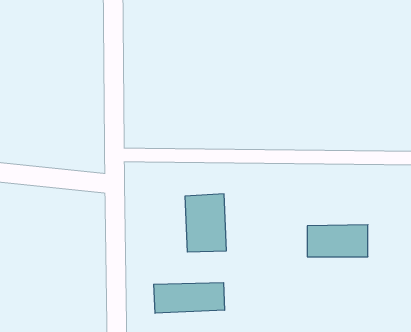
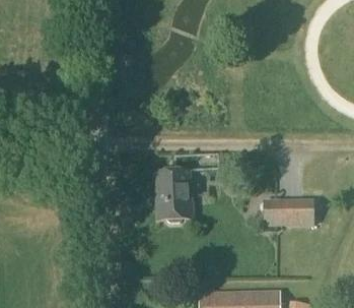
building: [154,283,225,313] -> none

